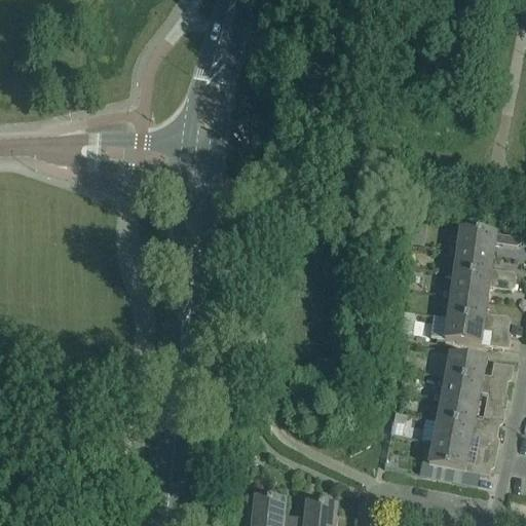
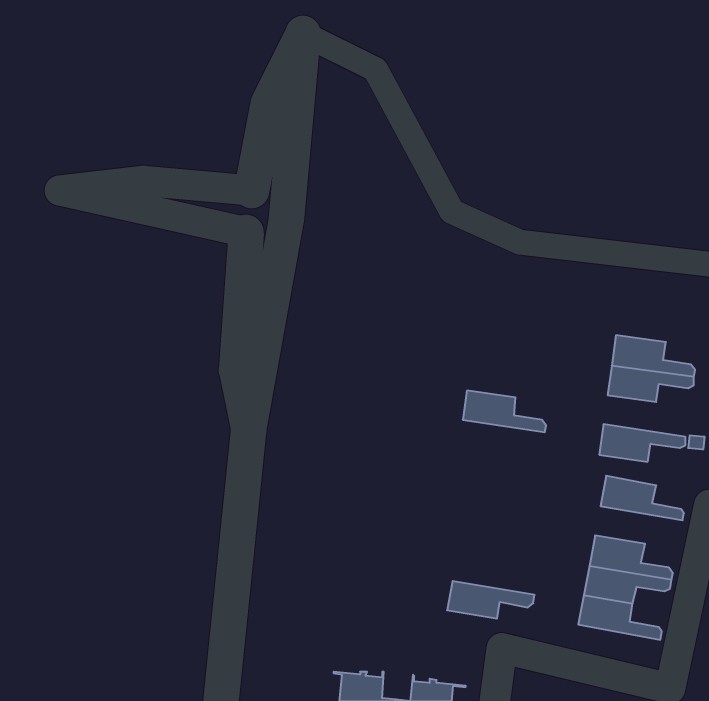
building: [455,226,519,253] -> none
building: [446,292,508,323] -> [463,391,546,432]
building: [440,374,504,402] -> [447,581,535,619]

